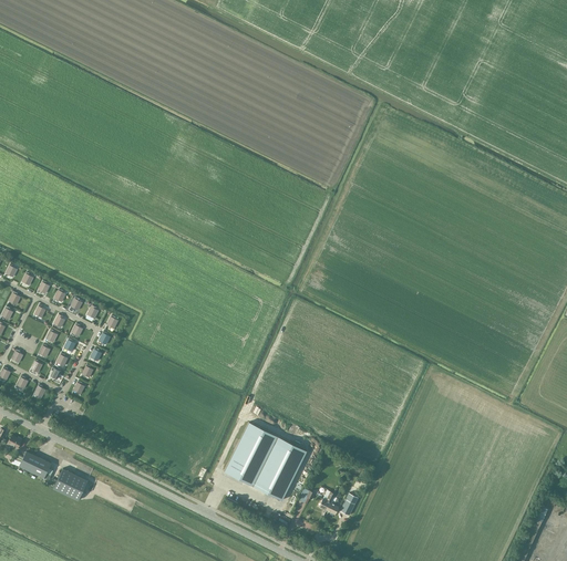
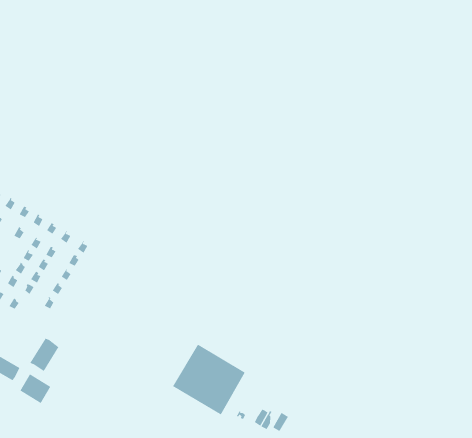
building: none -> [30,337,59,372]

